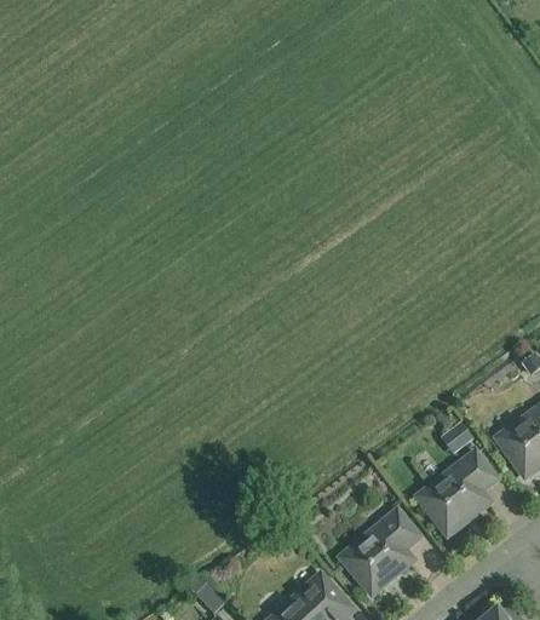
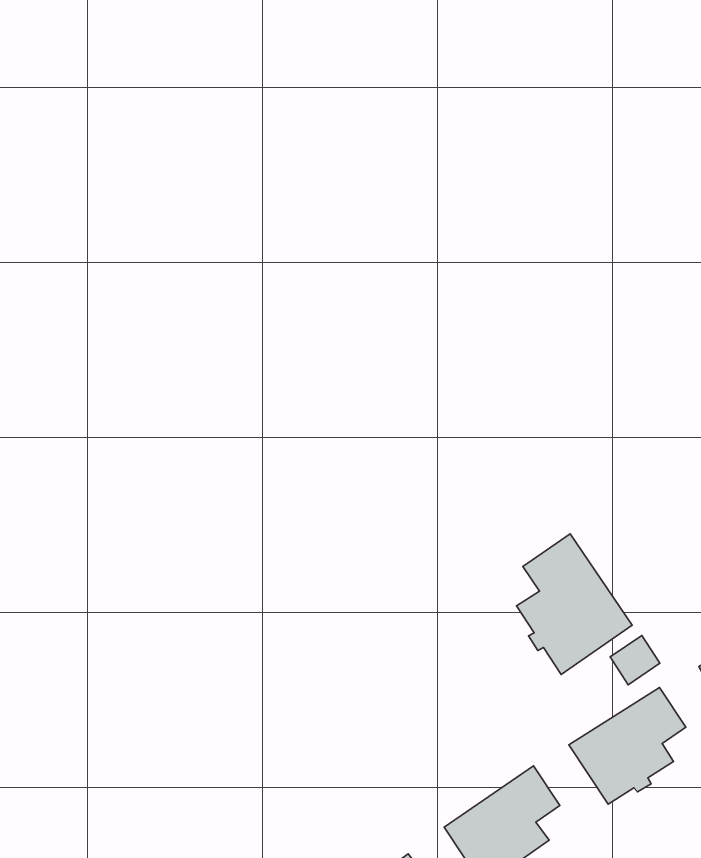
building: none -> [516,534,632,674]

